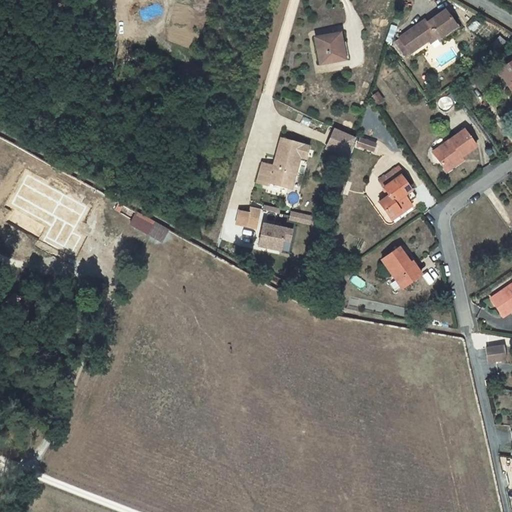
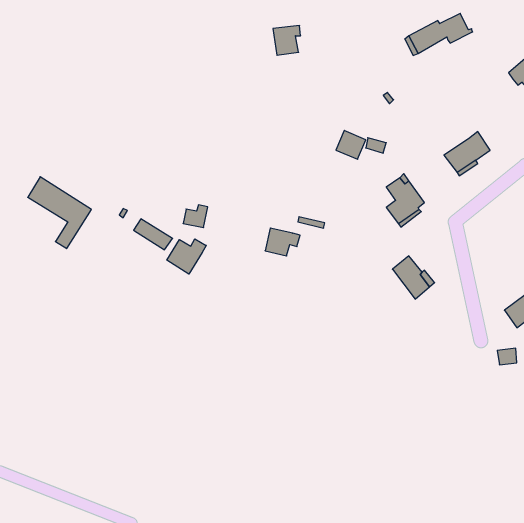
building: [311,32,338,61] -> [273,26,301,55]
building: [258,137,309,187] -> none
building: [237,205,261,227] -> [183,205,208,228]
building: none -> [167,239,206,274]

